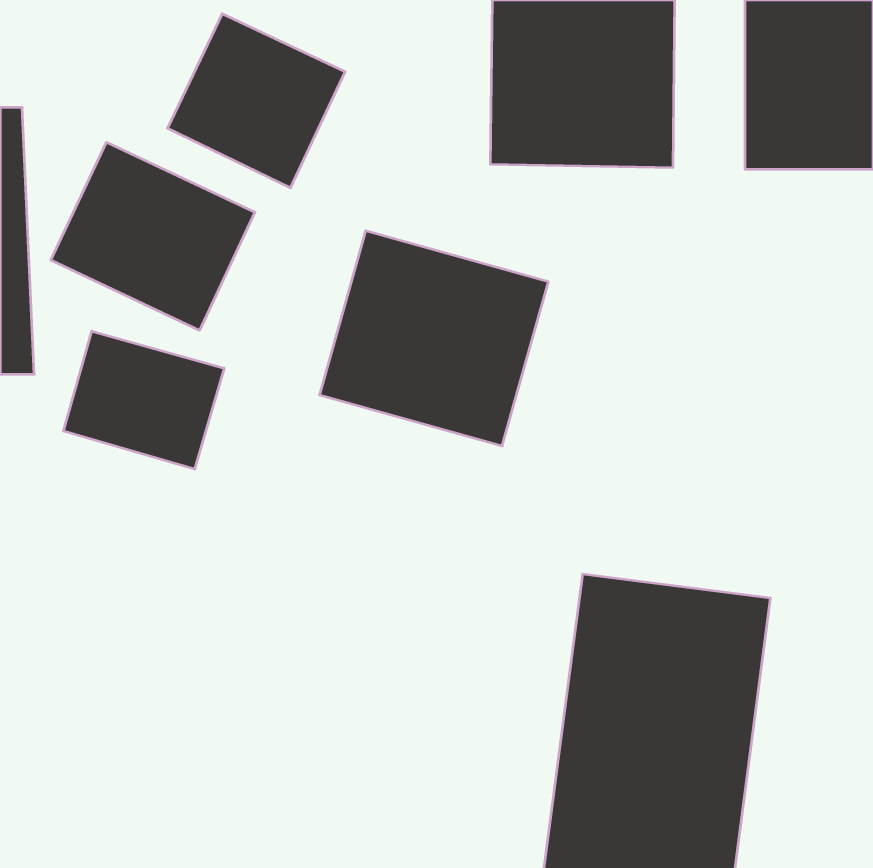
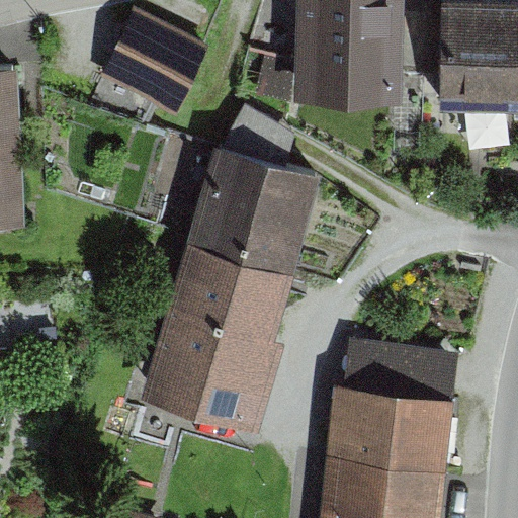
building: [51,142,255,330] -> none
building: [63,331,224,469] -> none
building: none -> [144,237,297,428]

